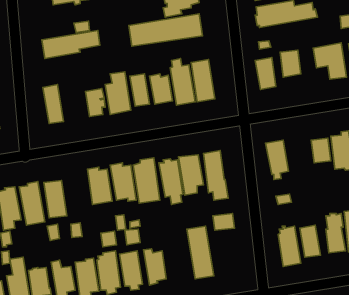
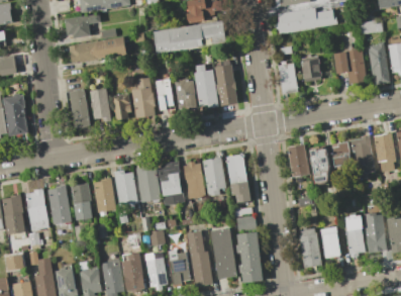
building: none -> [65,13,100,38]
building: none -> [90,88,111,121]
building: none -> [308,145,329,183]
building: none -> [93,177,116,212]
building: none -> [187,230,212,286]
building: none -> [236,231,263,283]

